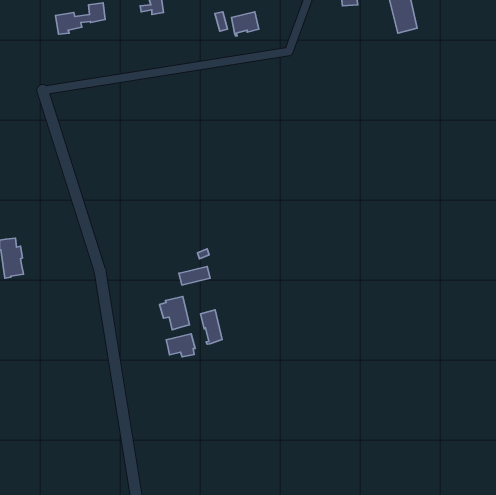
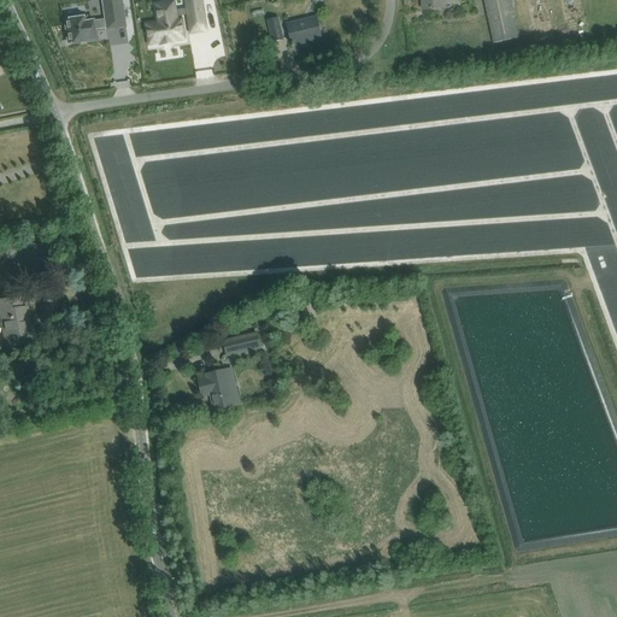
building: none -> [146,7,183,42]
building: [201,310,222,344] -> none
building: [166,334,195,357] -> none

